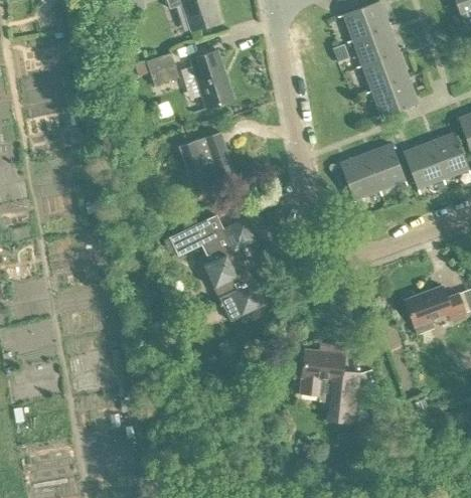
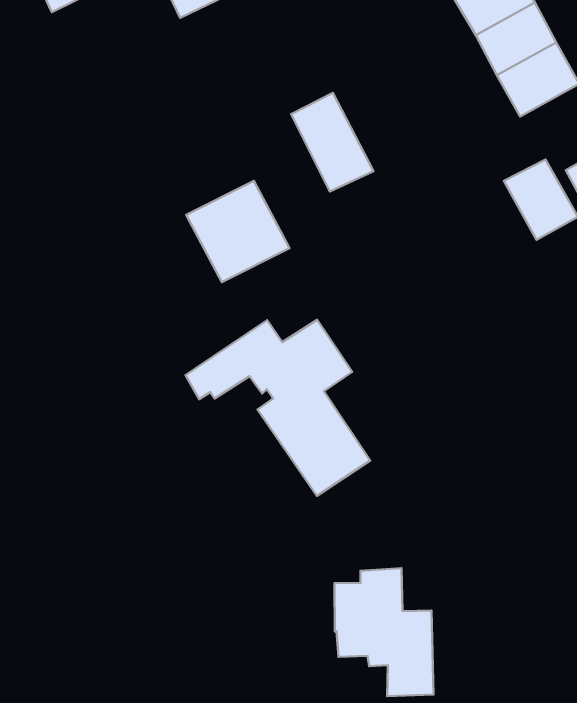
building: [191,50,234,108] -> [291,93,374,191]
building: [146,51,179,86] -> none
building: [340,153,380,199] -> none
building: [302,344,360,423] -> [335,568,434,696]

